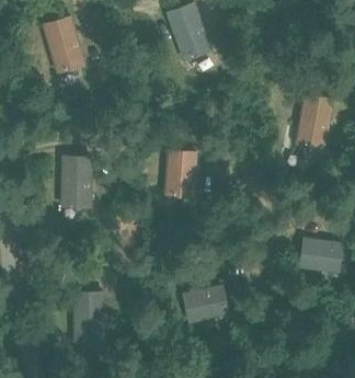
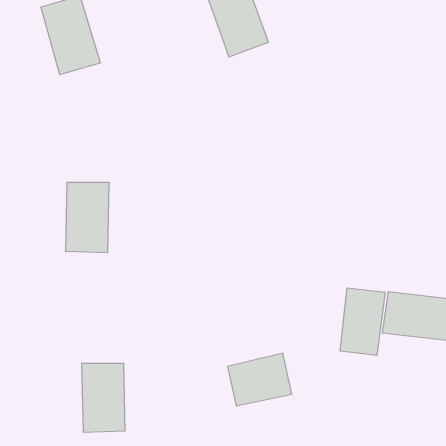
building: [295,94,335,151] -> none
building: [163,150,198,199] -> none
building: none -> [340,288,385,356]

